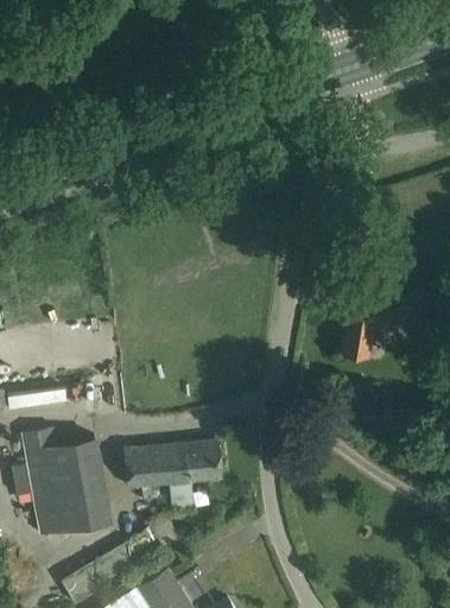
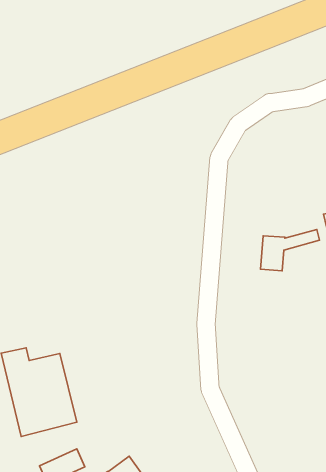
building: [125,441,226,513] -> none

